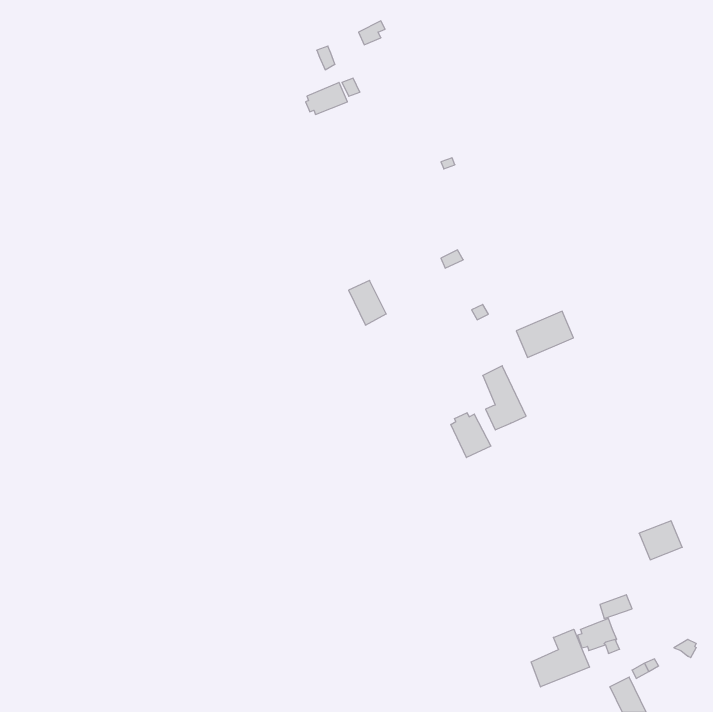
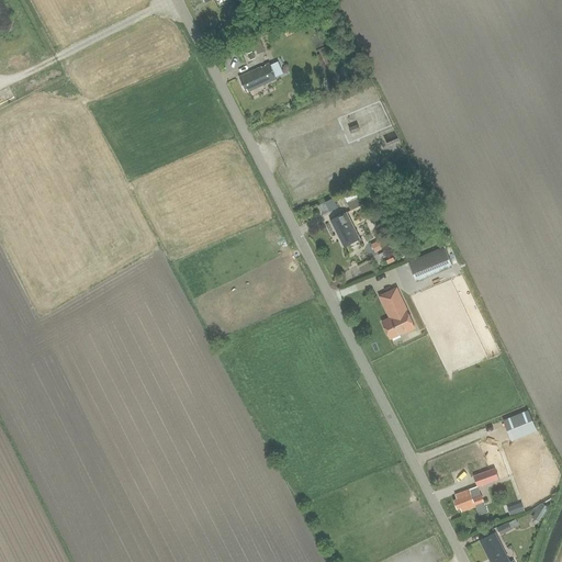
building: [349,280,386,325] -> [330,212,360,247]
building: [451,413,491,458] -> none
building: [531,629,589,687] -> none

